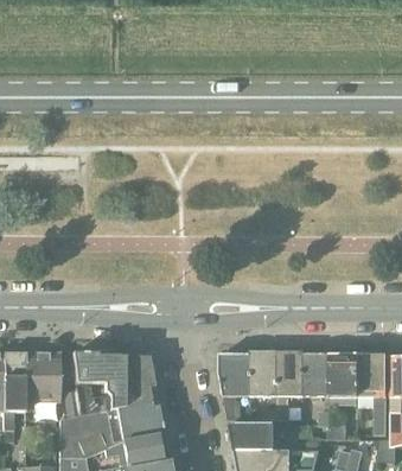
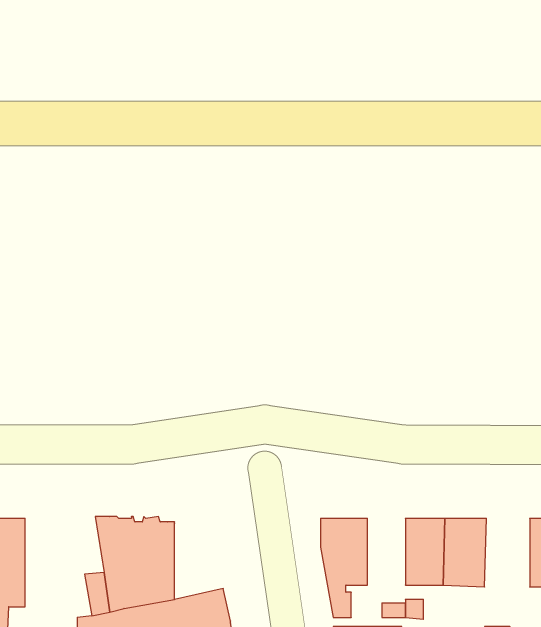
building: [26,355,62,412] -> none
building: [251,355,276,399] -> none
building: [328,355,358,400] -> none
building: [125,358,157,408] -> none

